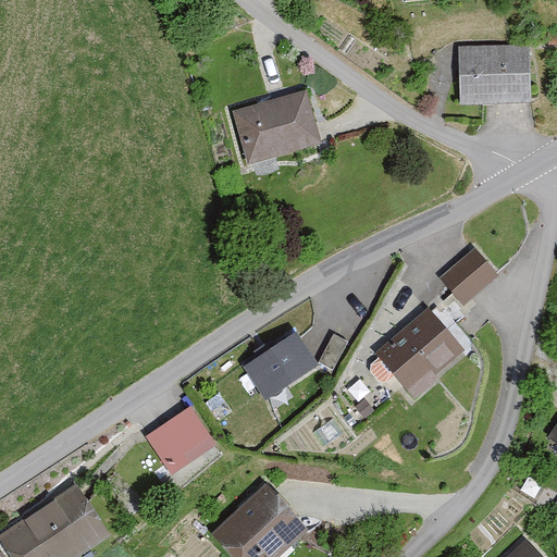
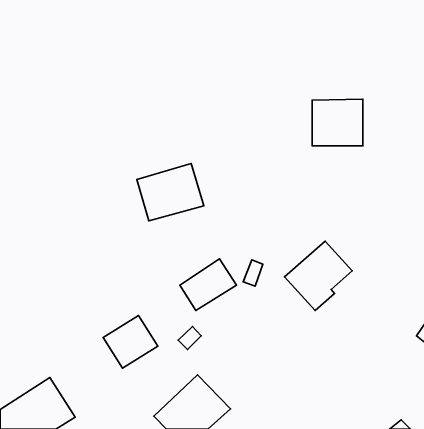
building: [463,45,529,104] -> [312,99,363,146]
building: [233,90,319,164] -> [137,163,204,221]
building: [440,248,496,305] -> none

